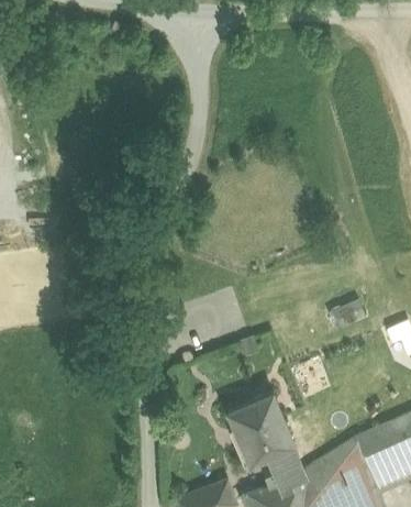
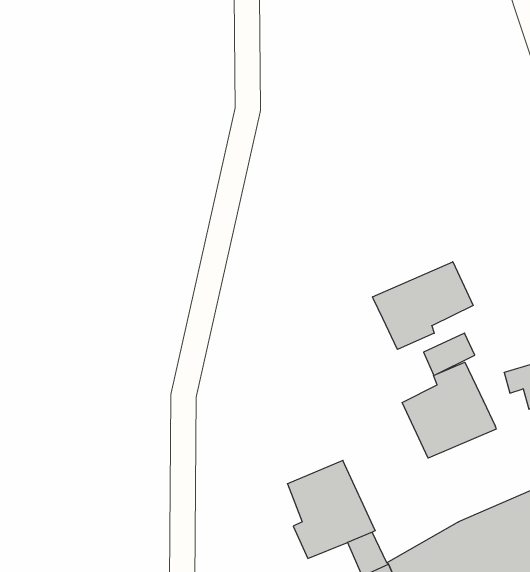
building: none -> [373,262,473,349]
building: none -> [402,362,496,458]

